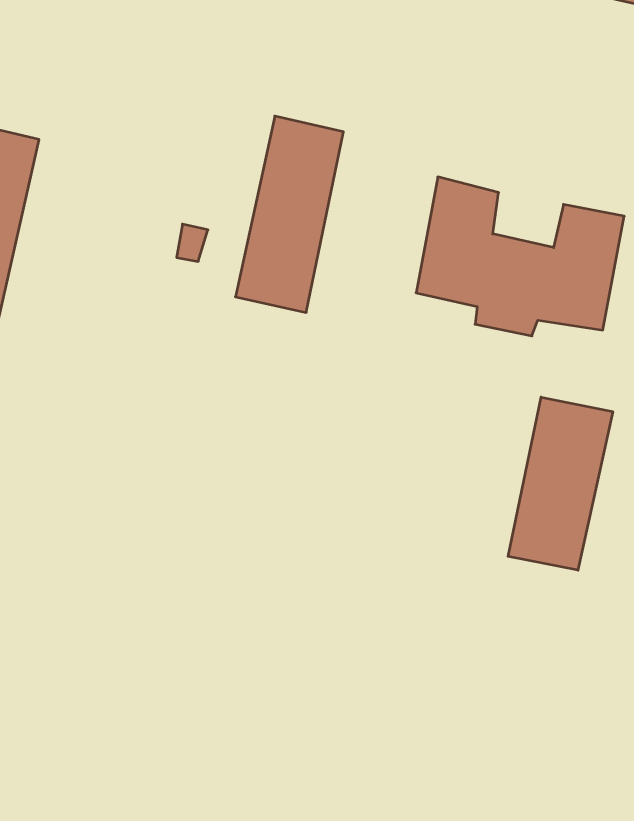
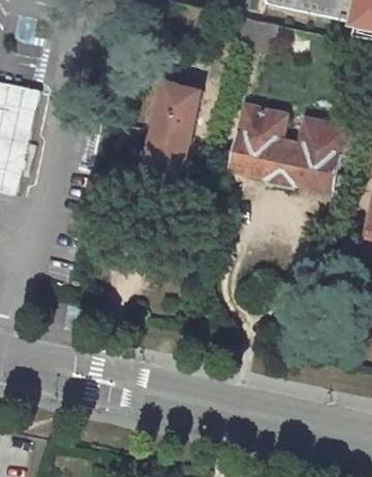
building: [508,397,613,570] -> none

